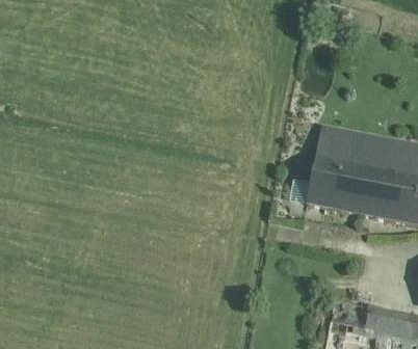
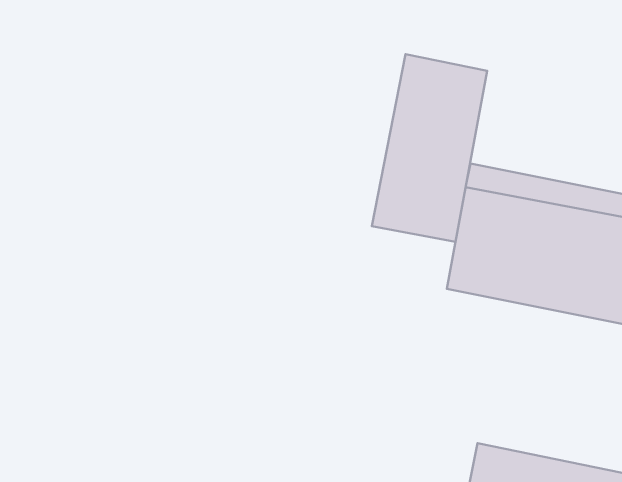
building: none -> [372,54,487,242]

